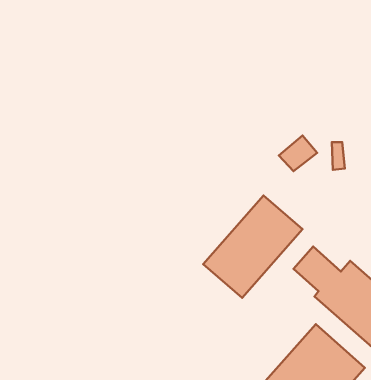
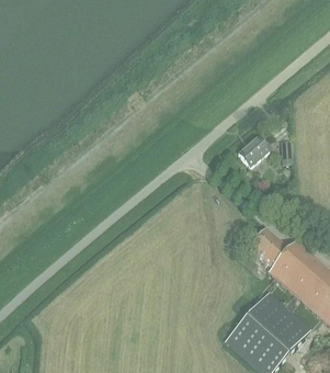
building: [203,195,302,298] -> none

